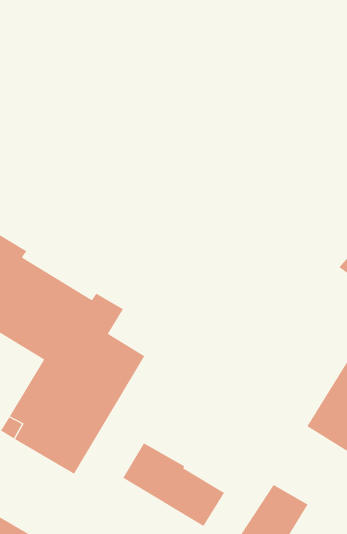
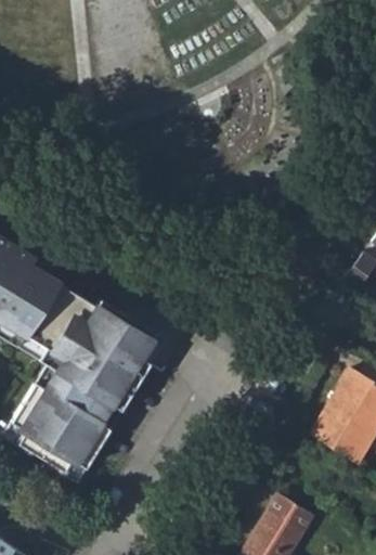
building: none -> [112,318,164,365]
building: [122,443,225,527] -> none

